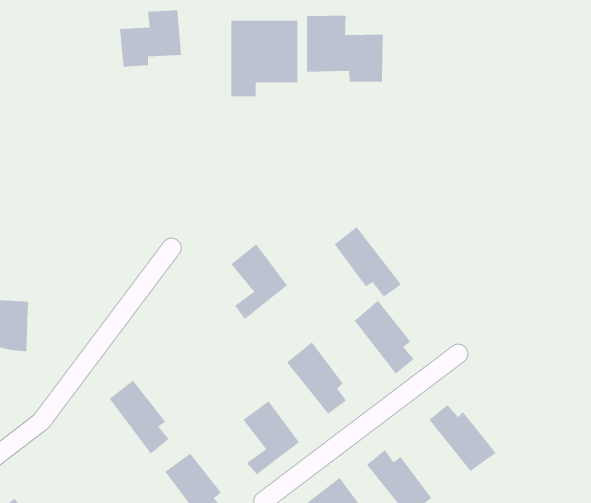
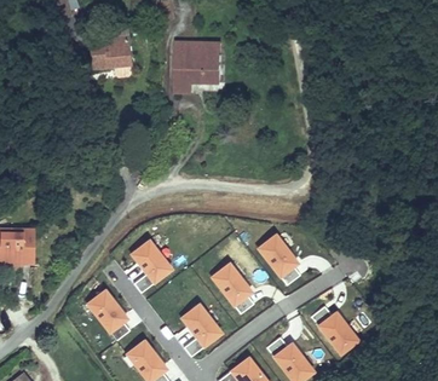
building: [307,15,383,82] -> none
building: [334,226,402,297] -> none
building: [231,243,288,320] -> [132,239,172,293]

